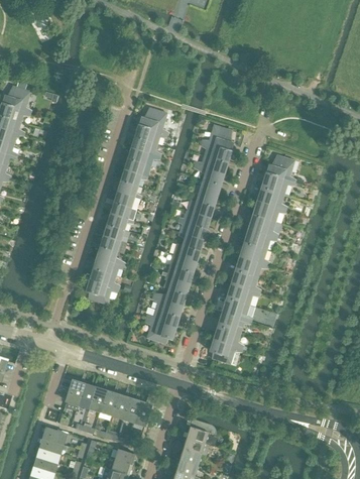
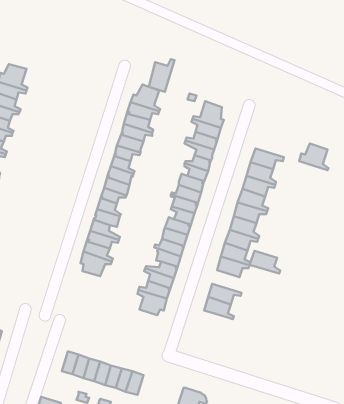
building: none -> [149,59,174,92]
building: [265,154,295,182] -> [299,144,329,170]
building: [221,297,252,321] -> [250,251,280,274]
building: [209,339,242,364] -> none

